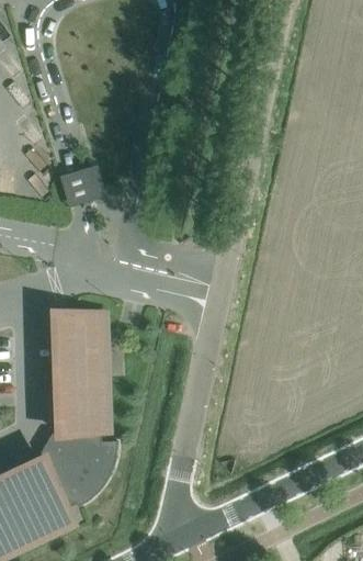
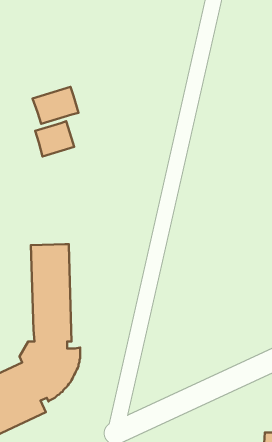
building: none -> [32,87,78,124]

